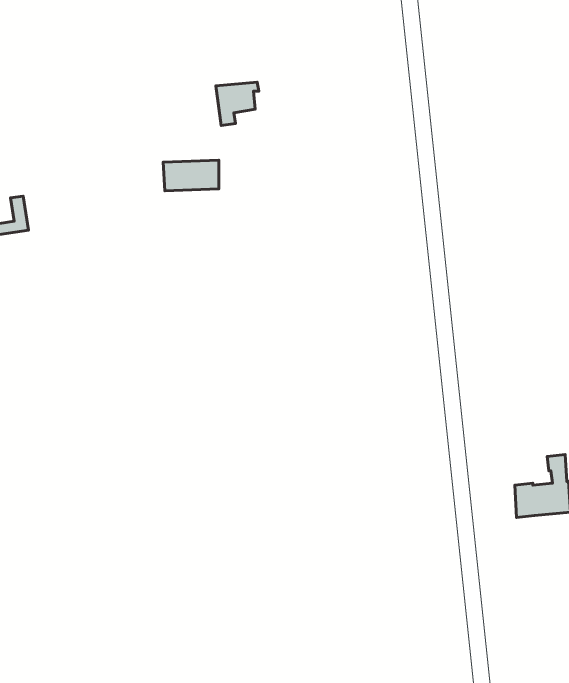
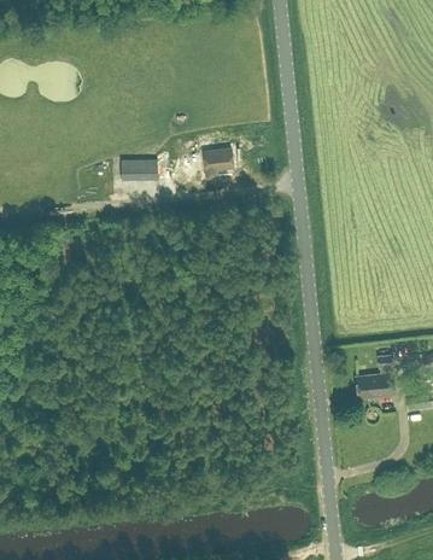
building: [216,82,259,125] -> [204,150,233,179]

